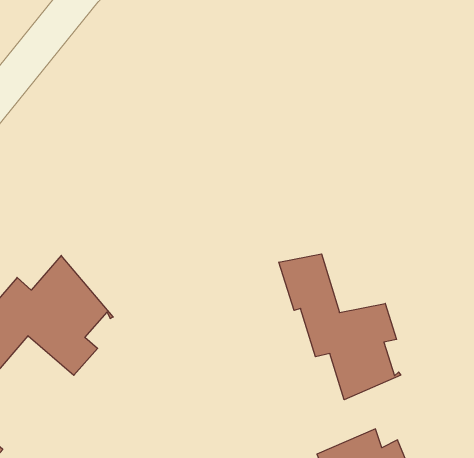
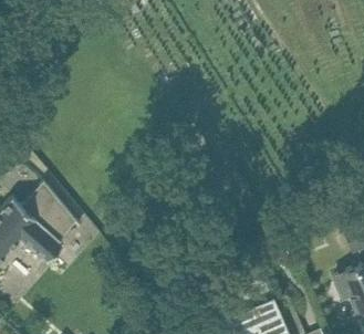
building: [279,254,401,400] -> none

